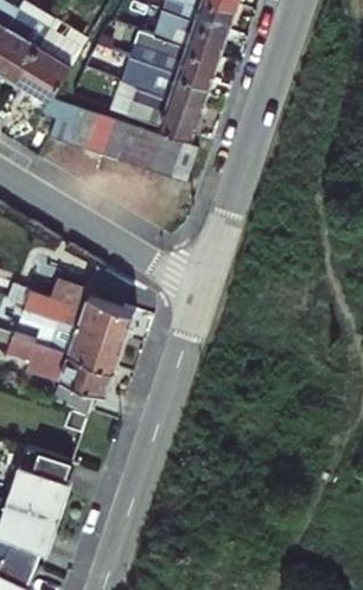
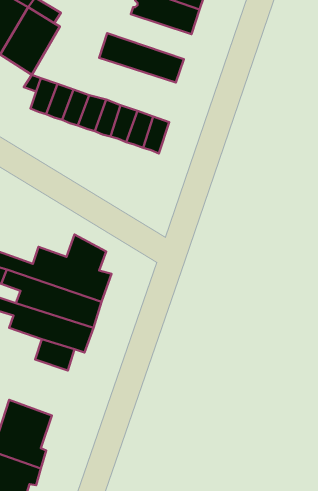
building: [129,32,218,85] -> none
building: [128,89,202,137] -> none

